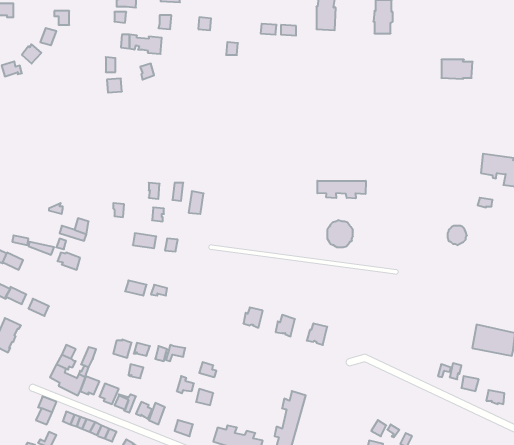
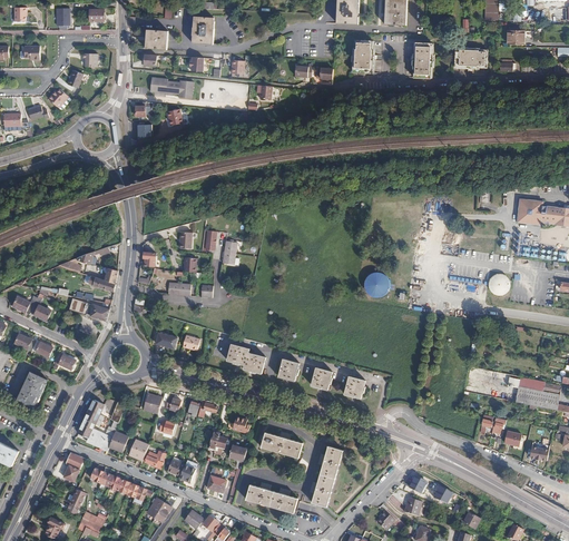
building: [441,60,473,79] -> [454,47,487,67]
building: [317,181,366,198] -> none
building: none -> [226,342,265,371]
building: none -> [258,432,302,458]

